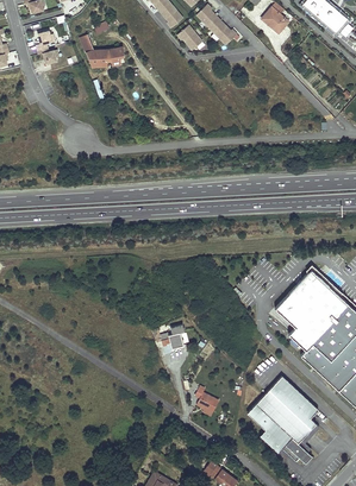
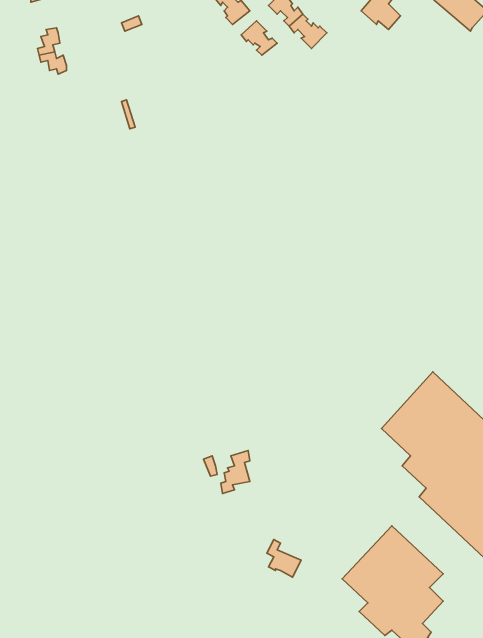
building: [79,33,123,65] -> none

